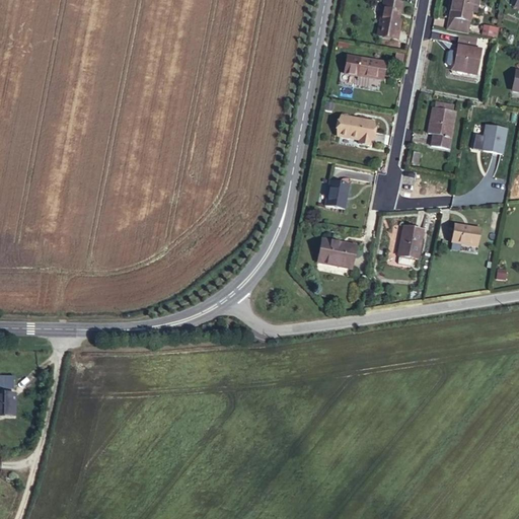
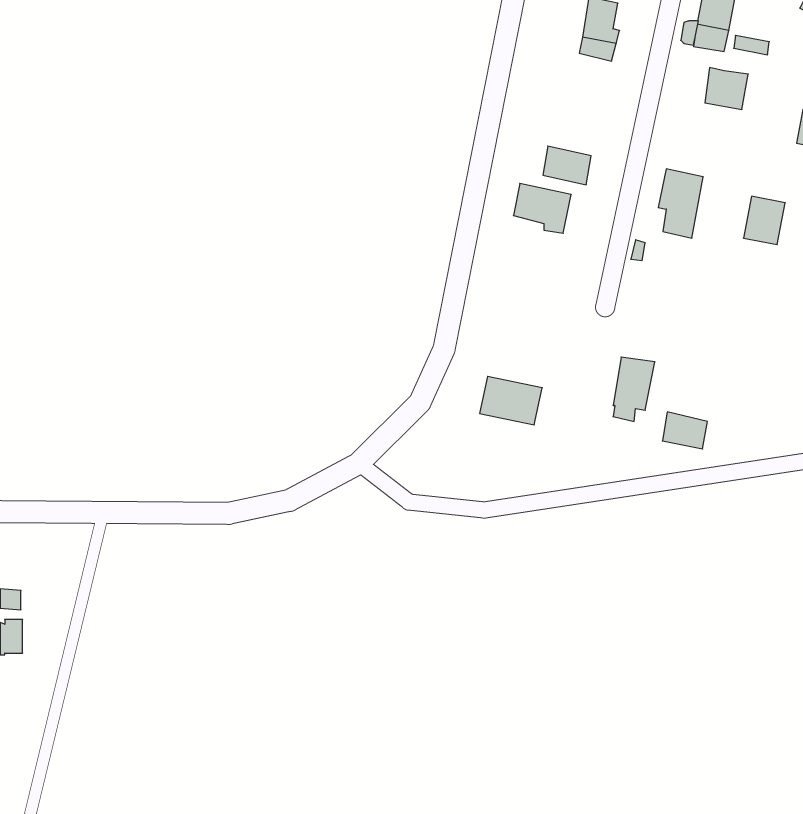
building: [355,55,385,79] -> [543,146,591,185]
building: [322,178,349,208] -> none
building: [452,221,480,244] -> [662,412,707,449]

